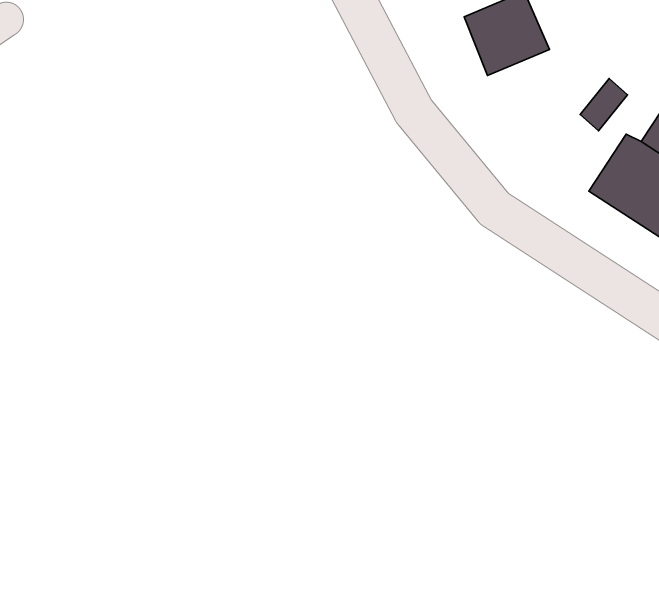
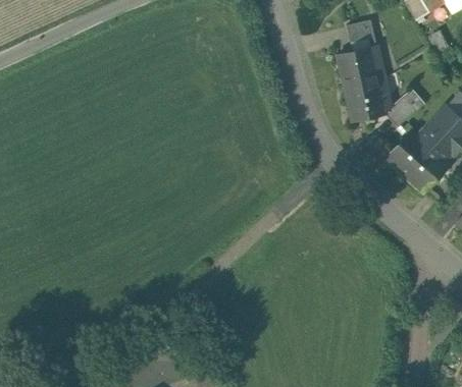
building: none -> [344,79,386,120]

